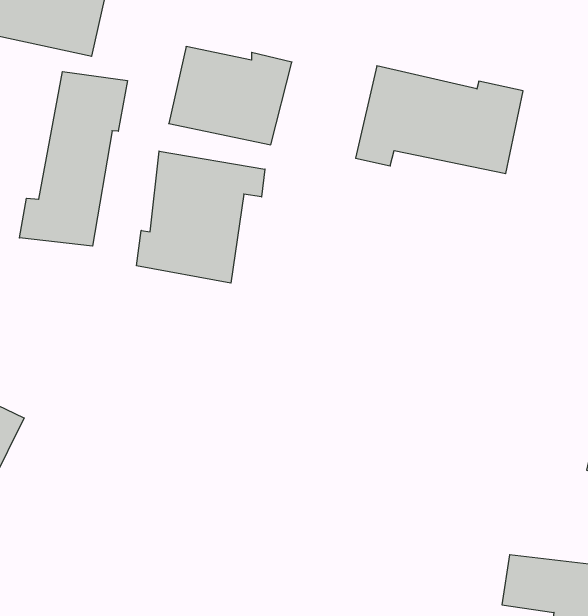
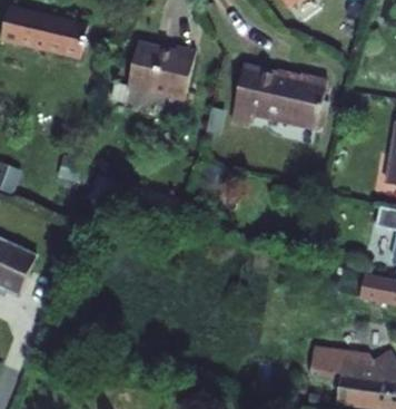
building: [19,72,127,246] -> none
building: [137,151,265,283] -> none

